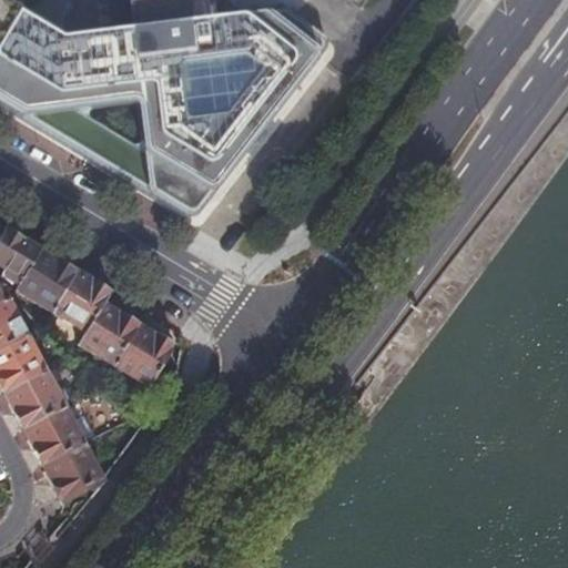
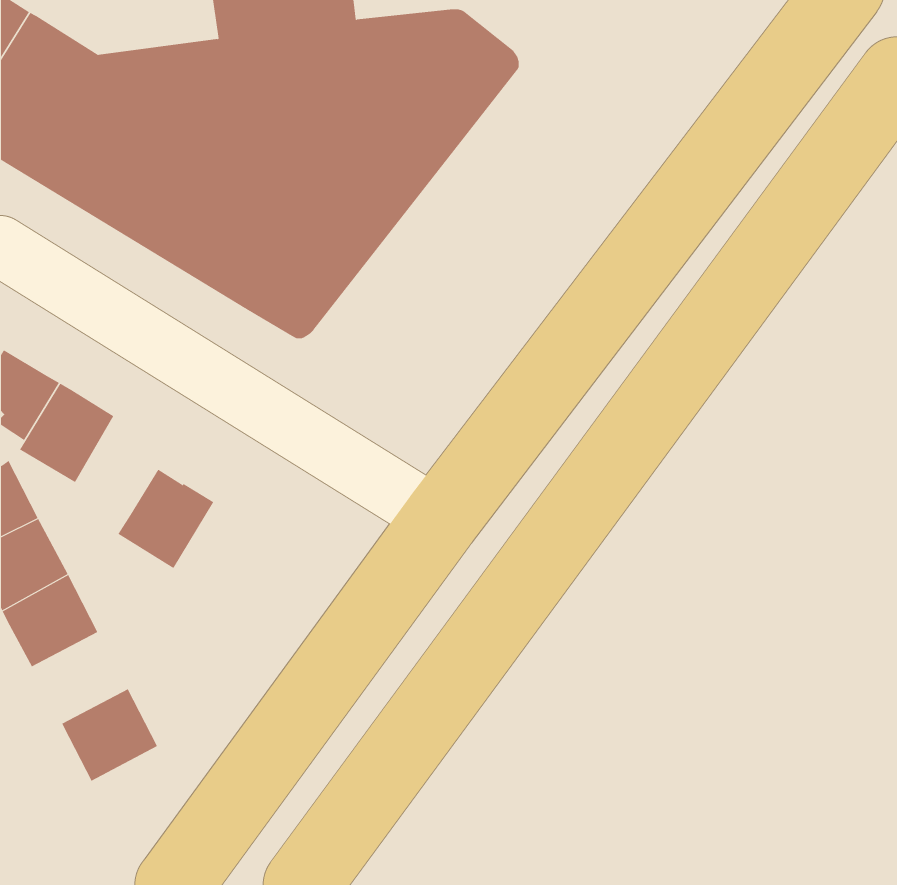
building: [48,263,108,325] -> none
building: [110,317,170,381] -> none
building: [20,399,81,457] -> none

